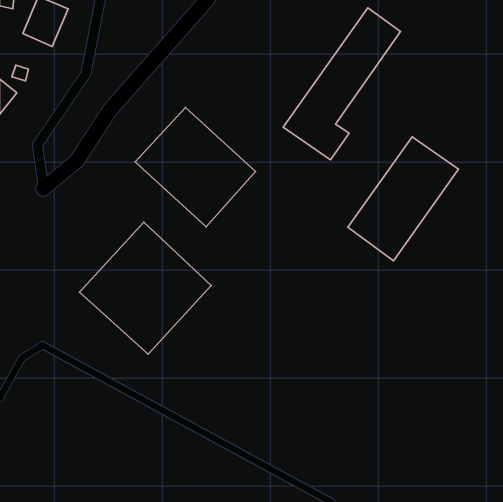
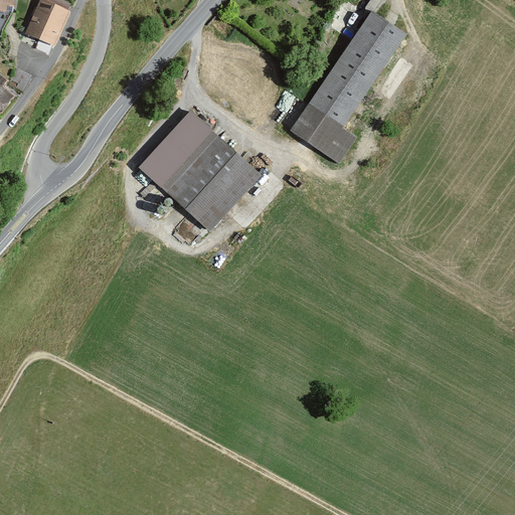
building: [348,137,459,261] -> none
building: [80,222,211,354] -> none

